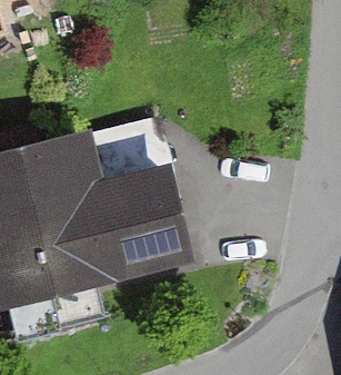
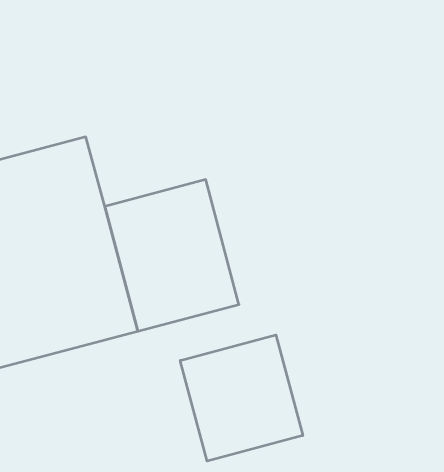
building: none -> [180,335,303,461]

